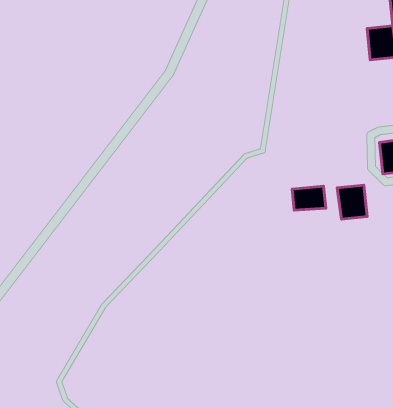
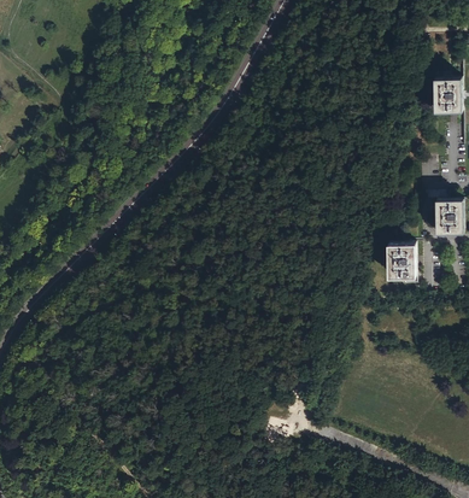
building: [292,186,326,210] -> none

